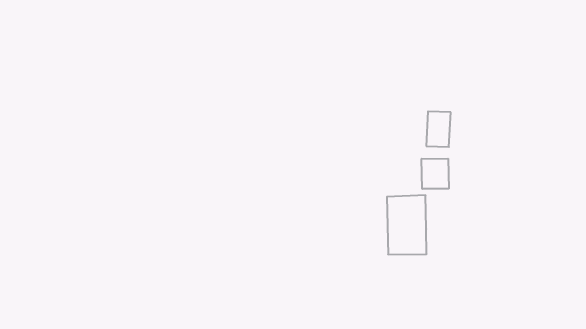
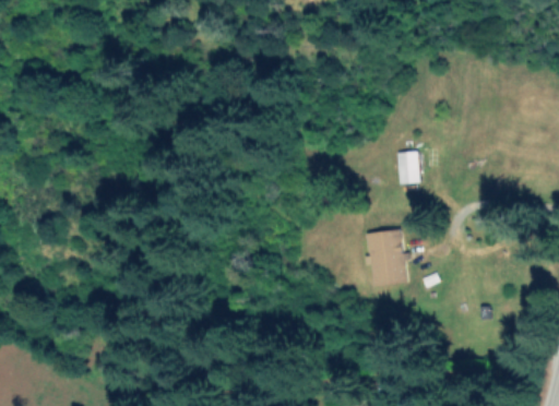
building: [422,159,449,189] -> none

